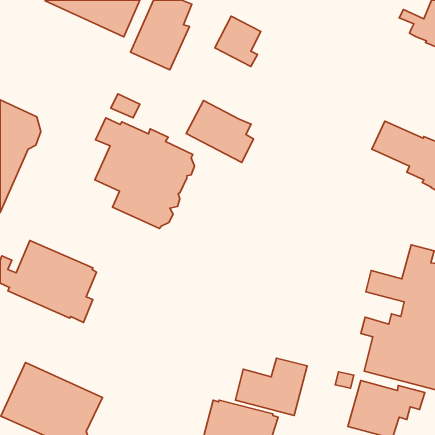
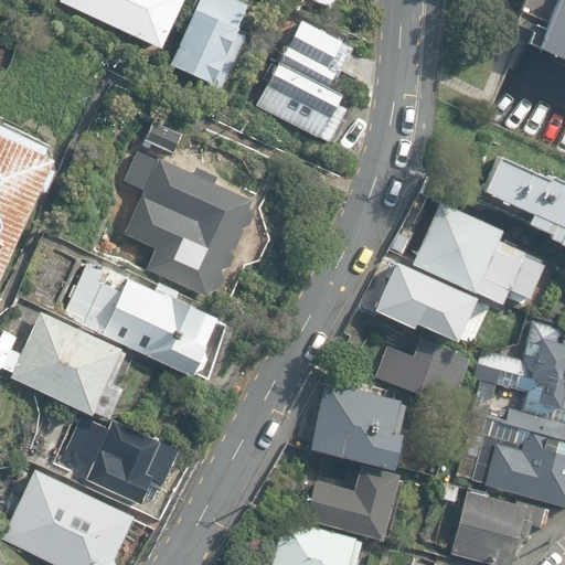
building: [186,100,254,163] -> [257,63,344,143]
building: none -> [413,202,543,305]
building: none -> [63,264,217,375]
building: none -> [375,264,475,341]
building: none -> [376,340,469,405]
building: none -> [309,382,404,468]
building: none -> [67,416,179,504]

